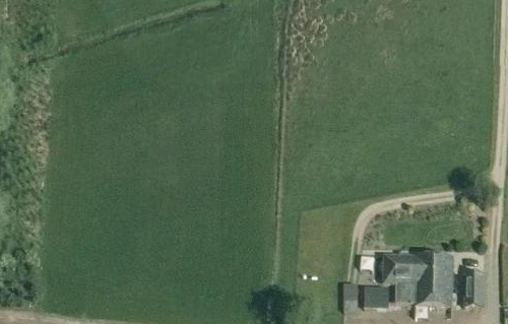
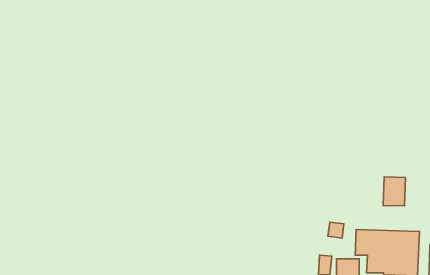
building: none -> [383,177,405,206]

